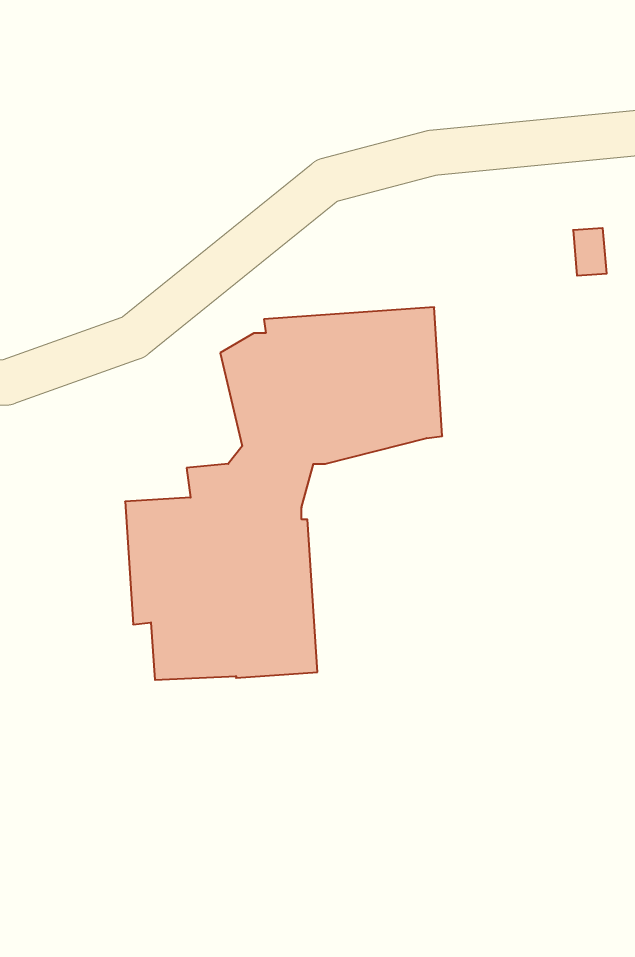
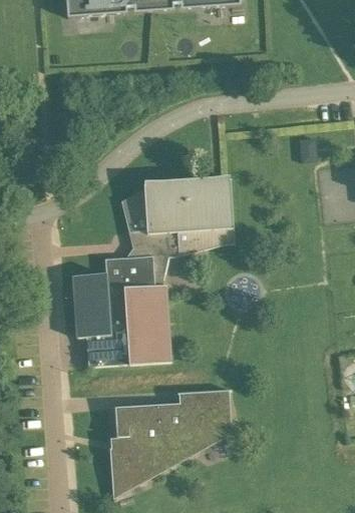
building: none -> [109,390,232,500]

